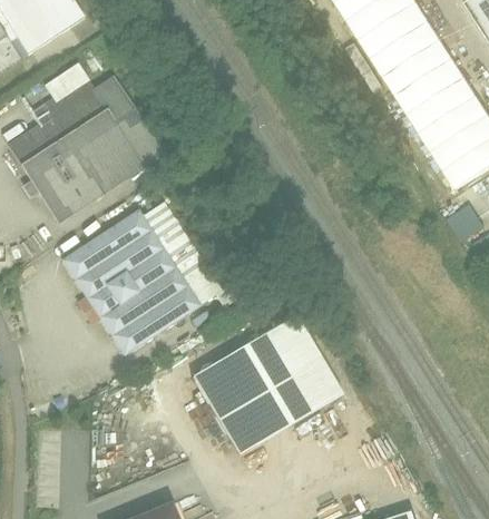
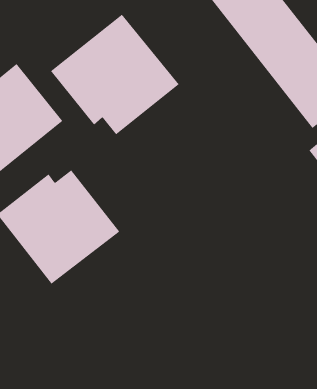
building: none -> [50,14,179,135]
building: [193,319,334,448] -> none

